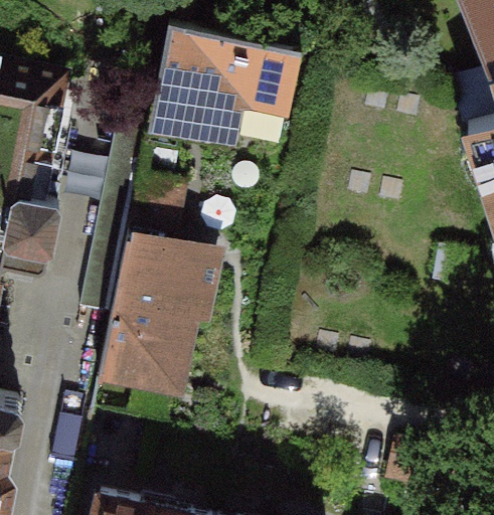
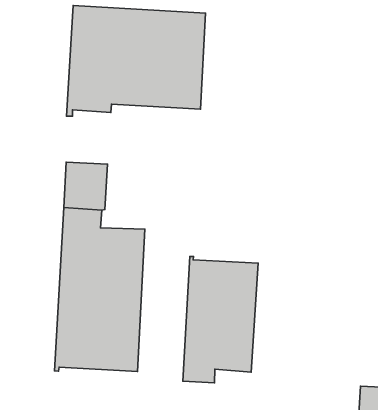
building: none -> [183,256,258,383]

